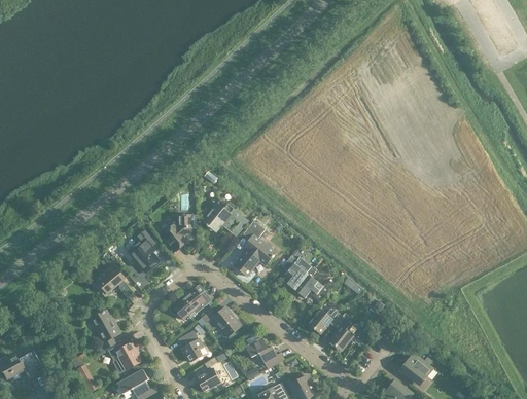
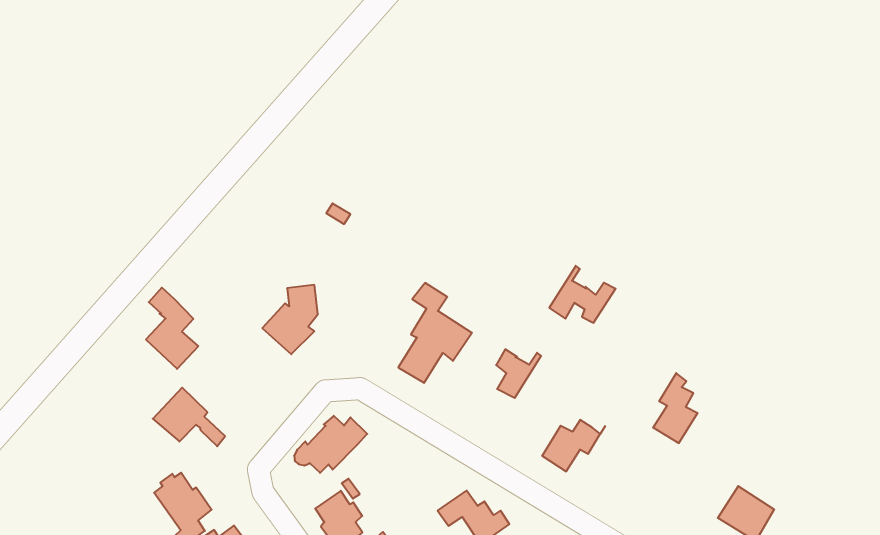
building: [202,202,248,237] -> none
building: [130,226,159,273] -> [146,288,198,369]
building: [295,268,333,301] -> [549,266,616,323]
building: [200,307,239,336] -> none
building: [327,312,353,351] -> [653,373,698,443]

